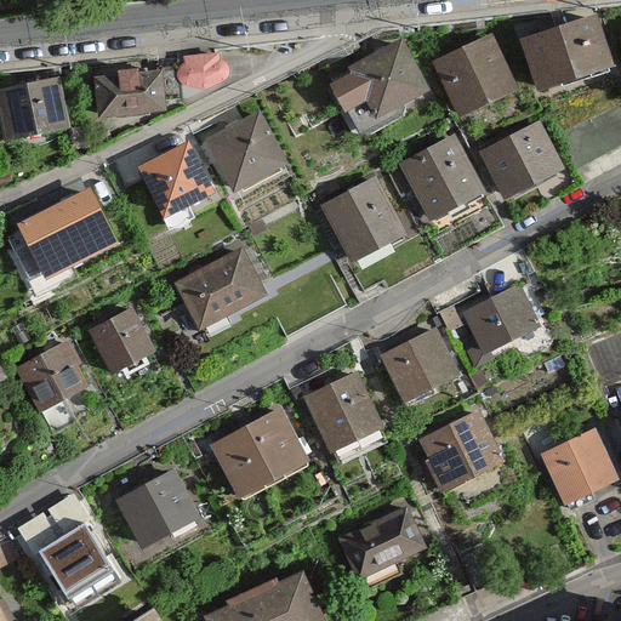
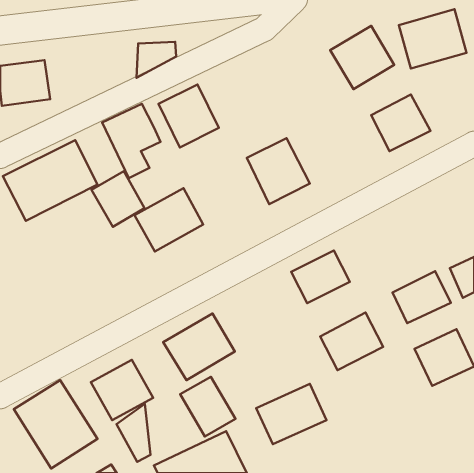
building: [327,38,427,130] -> none
building: [93,62,161,110] -> none
building: [404,141,483,223] -> none
building: [467,289,543,357] -> [392,271,451,323]
building: [89,306,158,378] -> [91,171,144,227]
building: [15,343,90,415] -> none
building: [304,371,382,451] -> none
building: none -> [180,377,235,436]
building: none -> [117,404,151,462]

